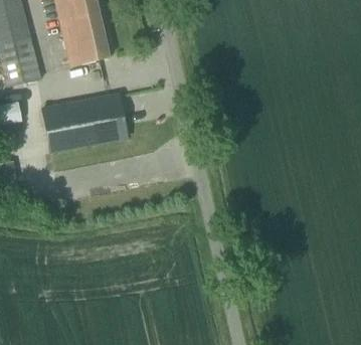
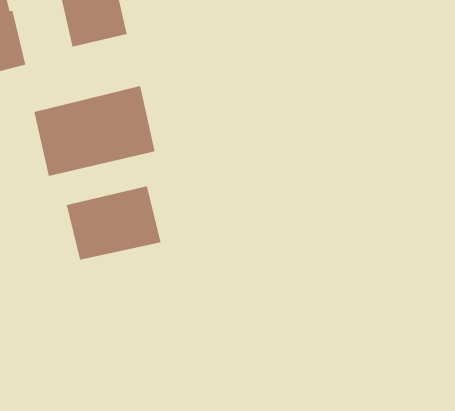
building: none -> [66,185,161,261]

